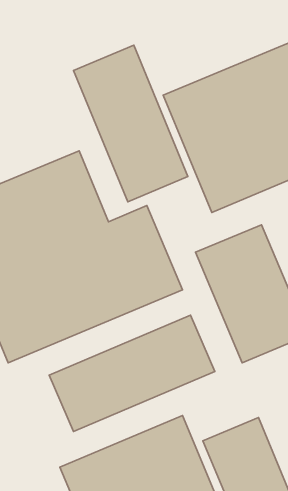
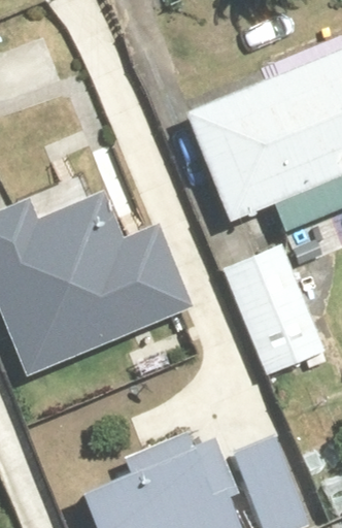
building: [74,45,188,202] -> none
building: [49,315,215,431] -> none

